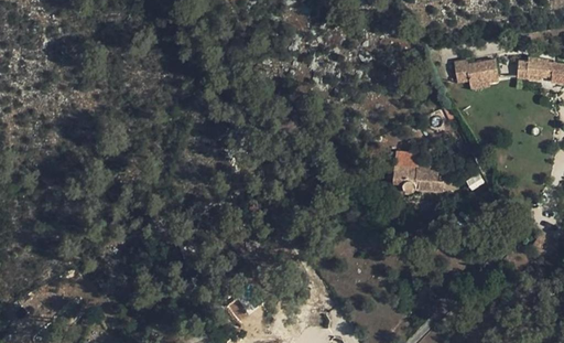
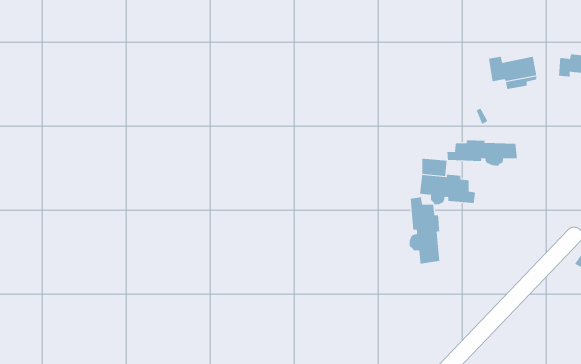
building: none -> [447,139,517,166]
building: none -> [409,197,440,265]

